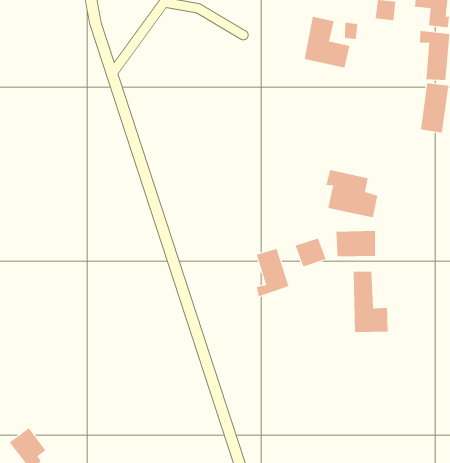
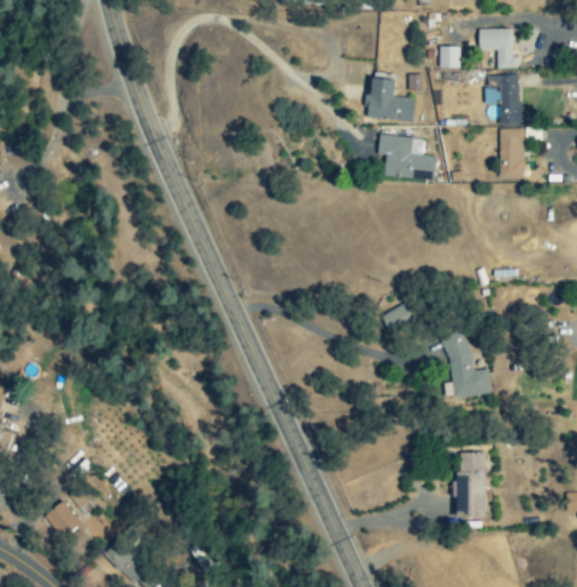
building: [325,169,378,218] -> [379,135,436,181]
building: [336,230,376,257] -> none
building: [256,248,289,297] -> none
building: none -> [457,452,487,518]

